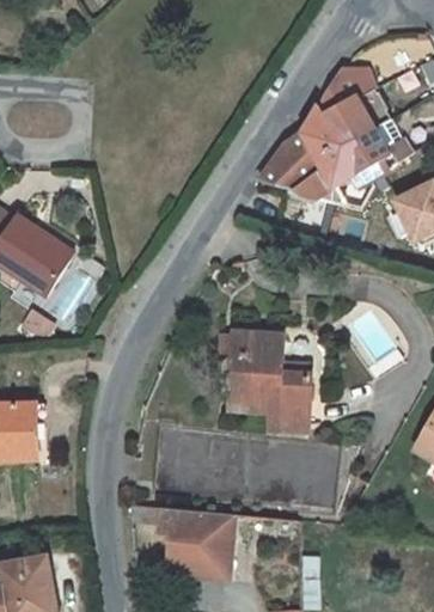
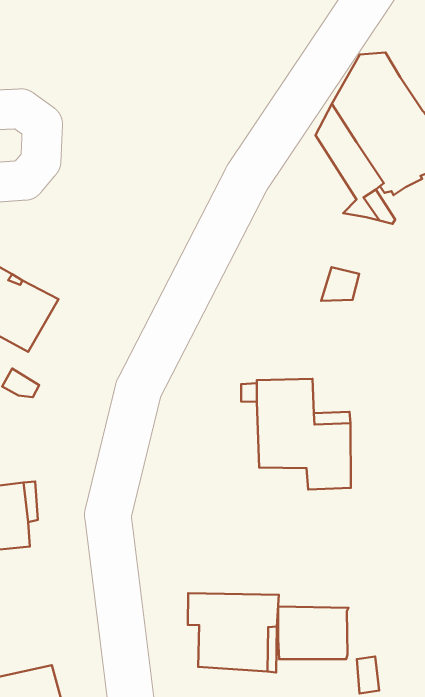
building: [257,133,330,200] -> none
building: none -> [278,606,348,659]

